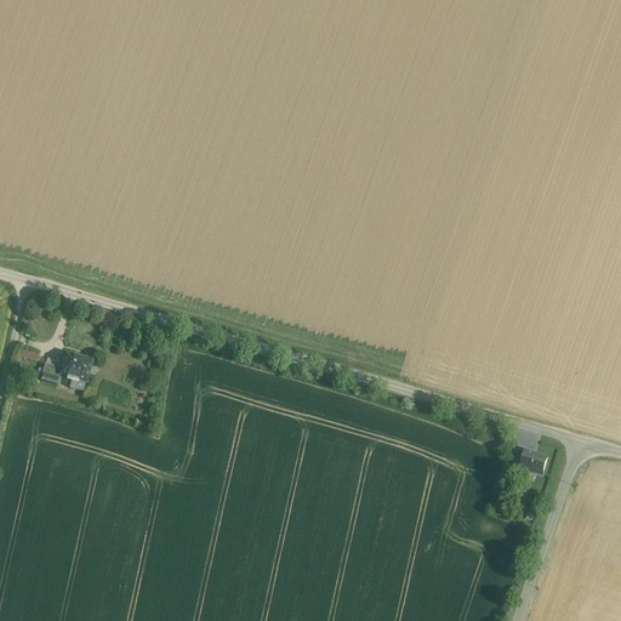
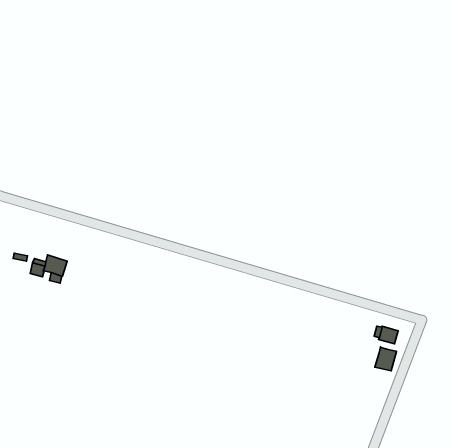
building: none -> [375,347,396,371]

